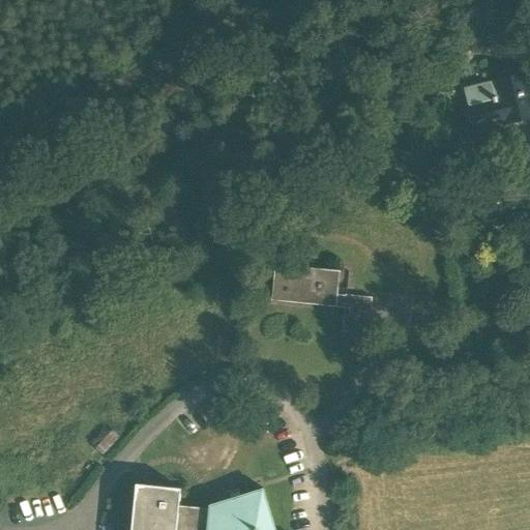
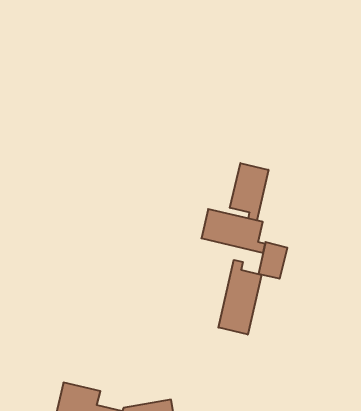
building: none -> [230,163,268,220]
building: none -> [218,260,262,335]

